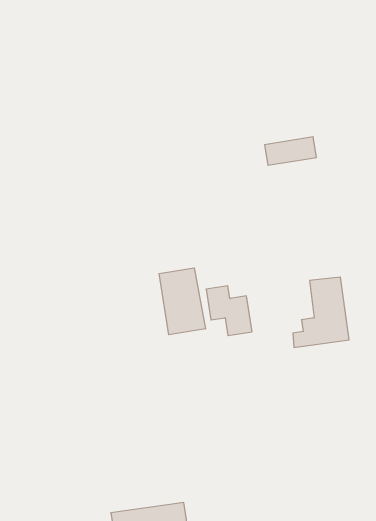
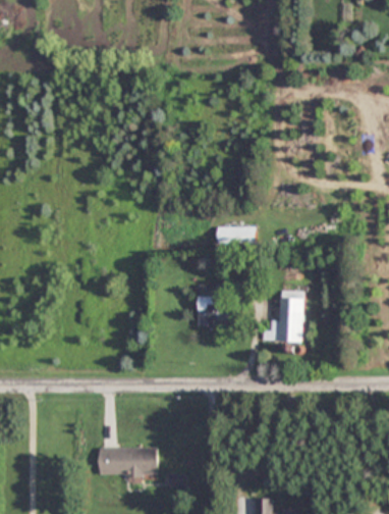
building: [265,137,316,165] -> [216,227,255,244]
building: [159,268,205,335] -> none

